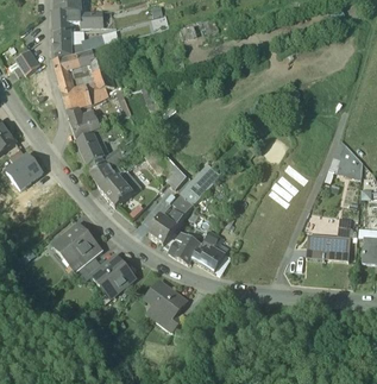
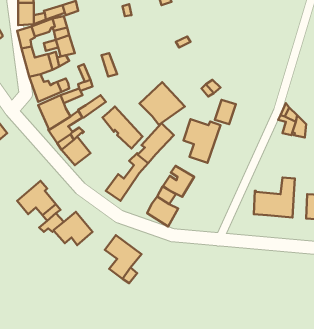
building: none -> [139,82,185,125]
building: none -> [184,119,221,163]
building: [168,229,201,263] -> [163,166,194,197]

